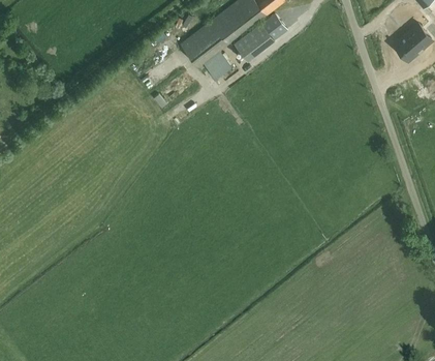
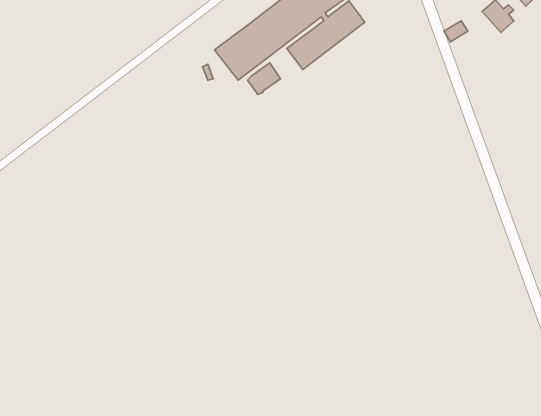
building: [391,23,429,59] -> none

